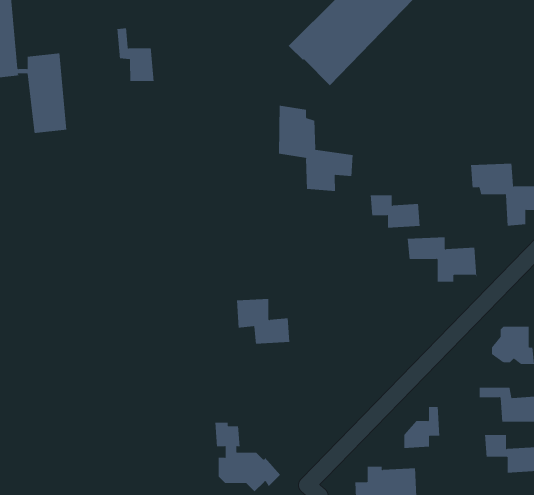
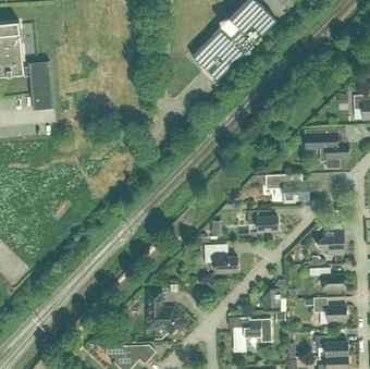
building: [117,27,154,82] -> none
building: [279,105,353,192] -> none
building: [370,195,421,228] -> [246,210,278,231]
building: [236,299,290,344] -> [204,244,237,272]

